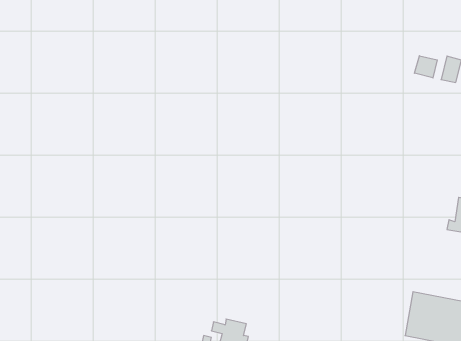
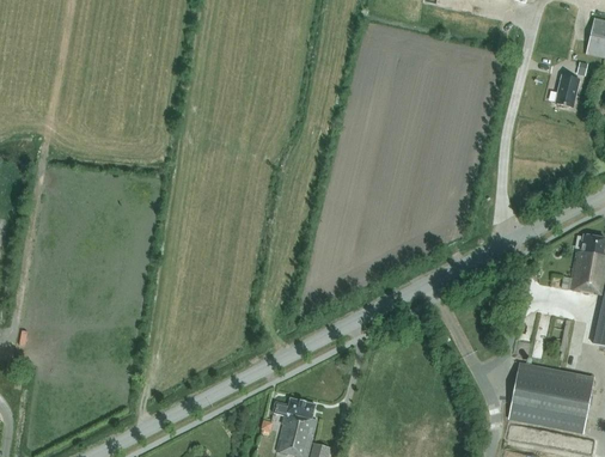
building: [414,56,437,78] -> none

